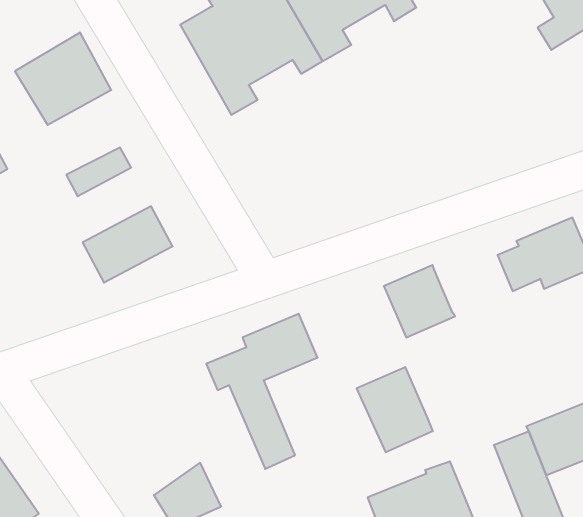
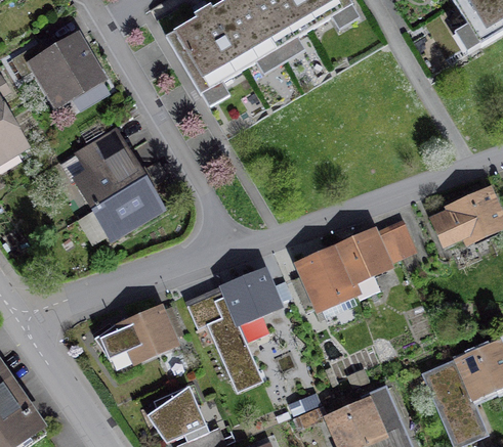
building: none -> [71,146,143,208]
building: none -> [378,223,419,265]
building: none -> [97,304,185,364]
building: [357,367,433,452] -> [294,243,357,313]

